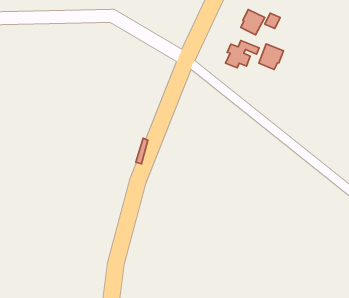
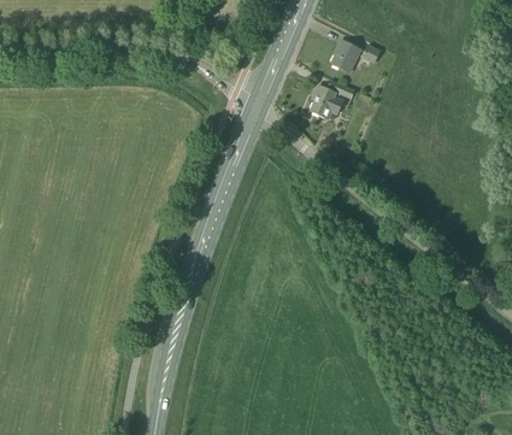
building: [259,44,284,69] -> none

